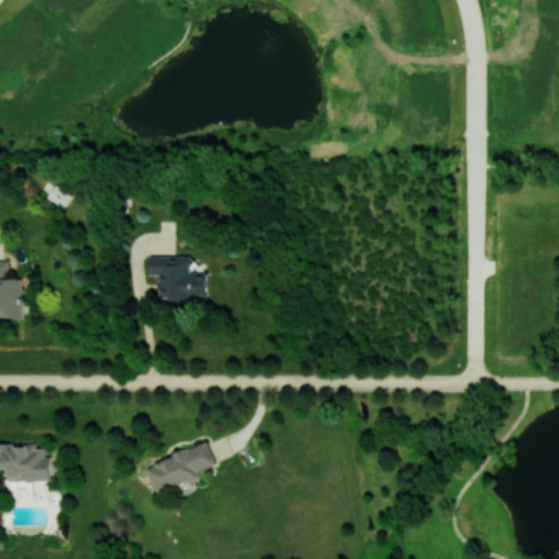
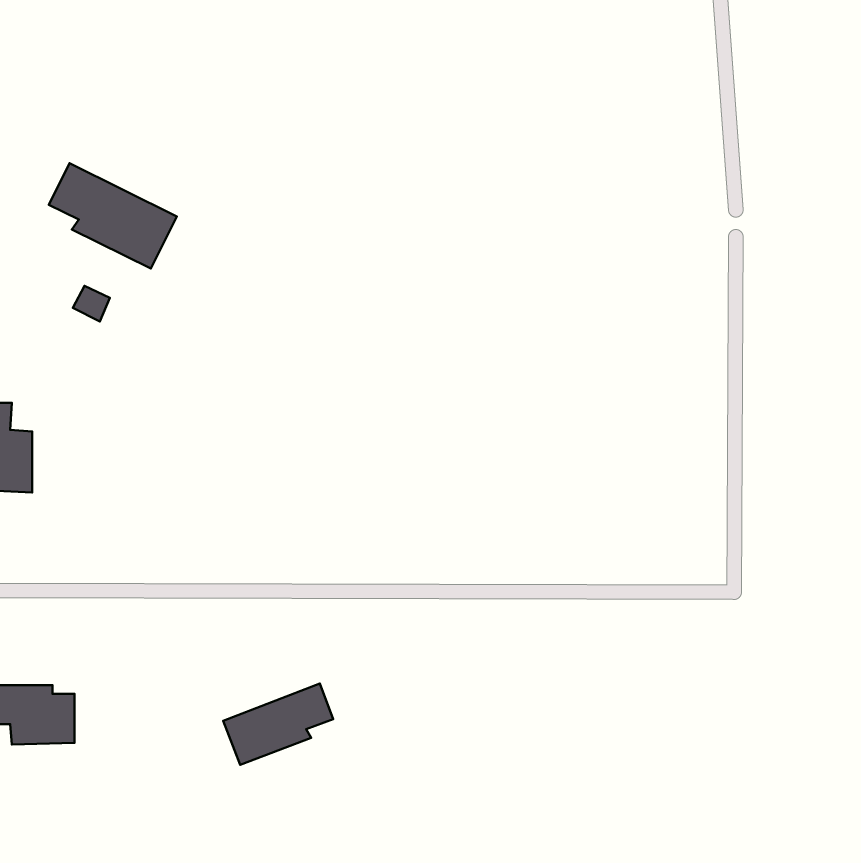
building: none -> [49,163,177,268]
building: [147,257,206,300] -> none

